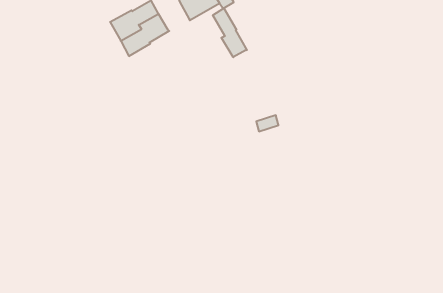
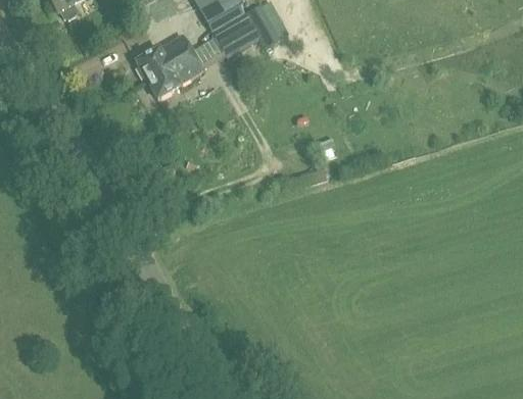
building: [213,8,247,57] -> none

